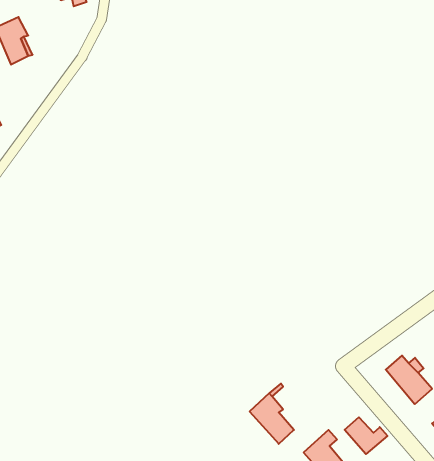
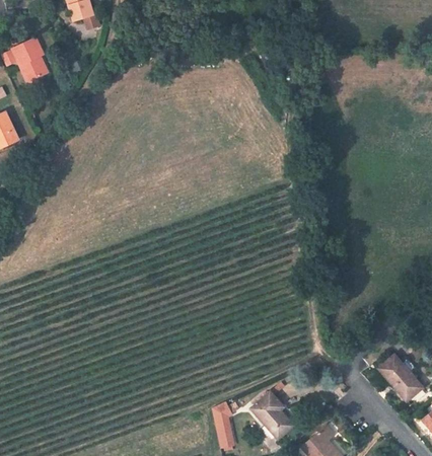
building: none -> [210,401,238,450]
building: [345,417,387,454] -> none

